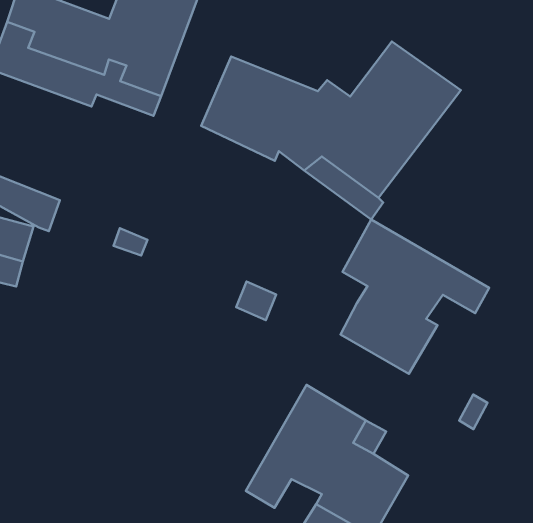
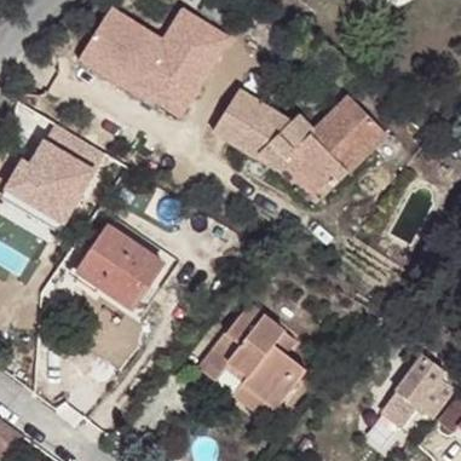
building: [340,219,489,374] -> none
building: none -> [76,226,160,309]

